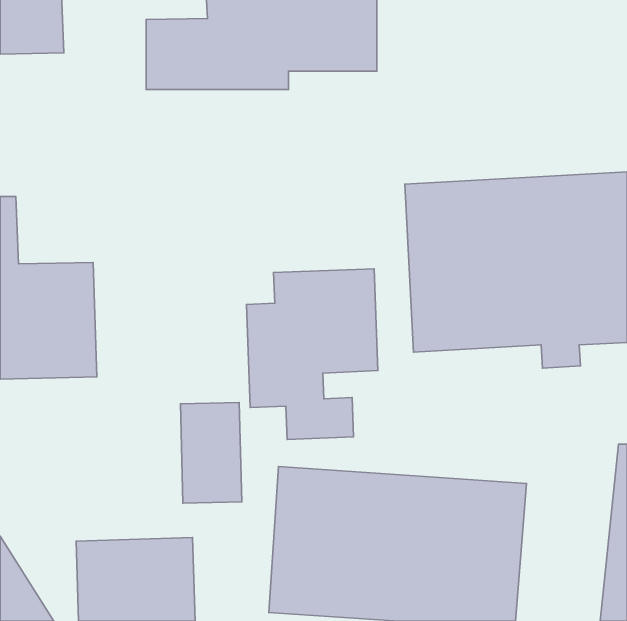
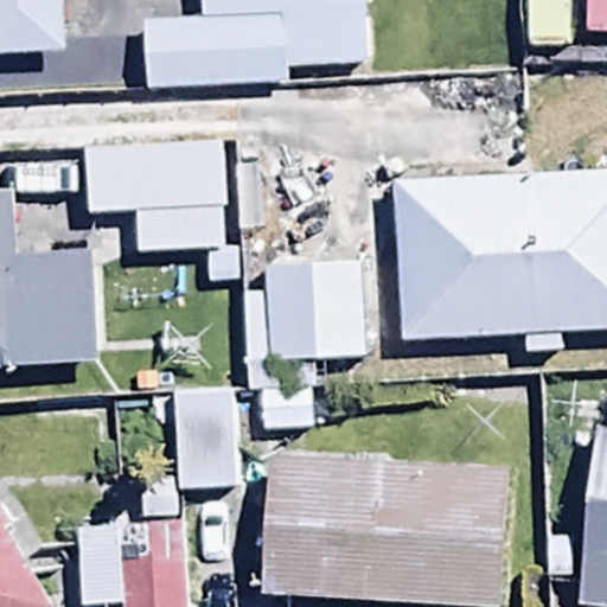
building: none -> [84,146,226,251]

